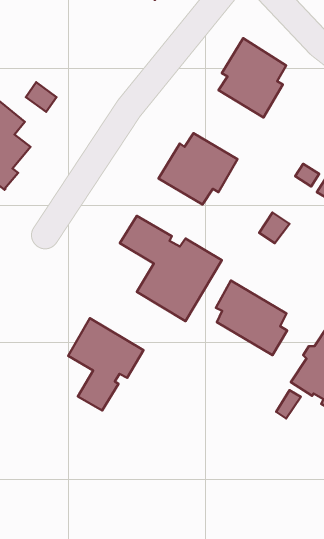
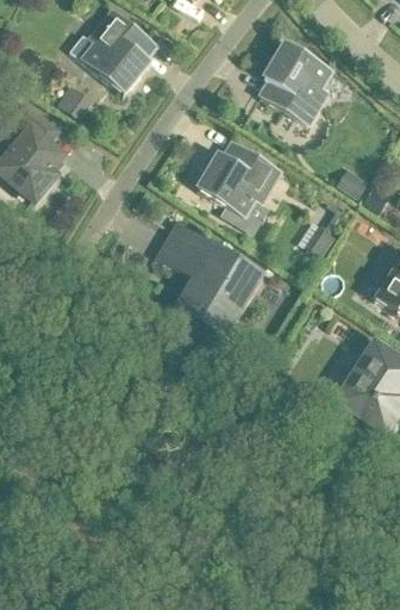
building: none -> [70,8,157,93]
building: [216,281,287,355] -> none
building: [68,318,144,410] -> none

